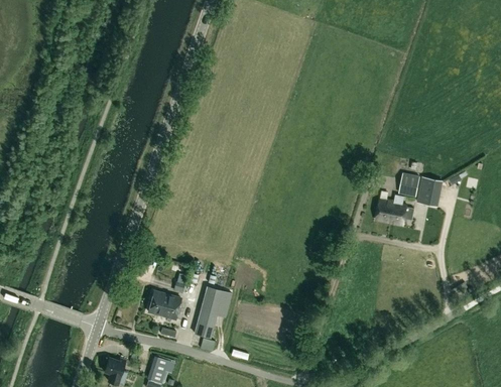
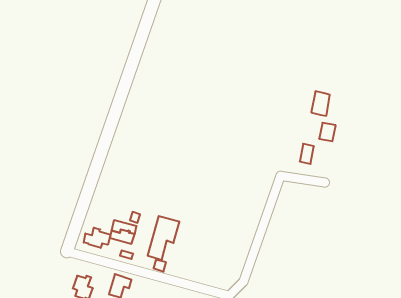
building: [418,177,441,207] -> [311,91,330,116]
building: [389,196,407,227] -> none
building: none -> [84,228,111,248]

